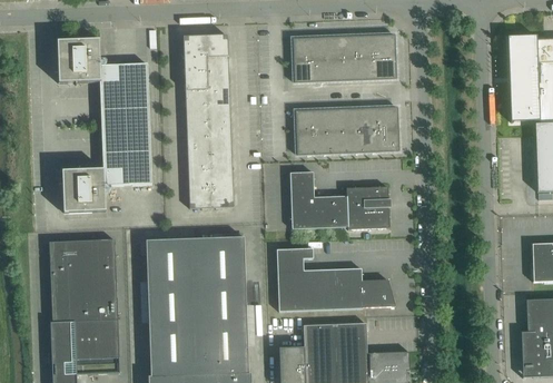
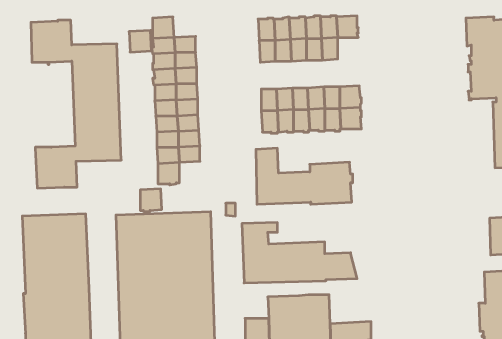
building: [205,33,228,56] -> [129,30,152,52]
building: [375,56,397,78] -> none
building: [211,184,234,207] -> [140,189,162,211]

